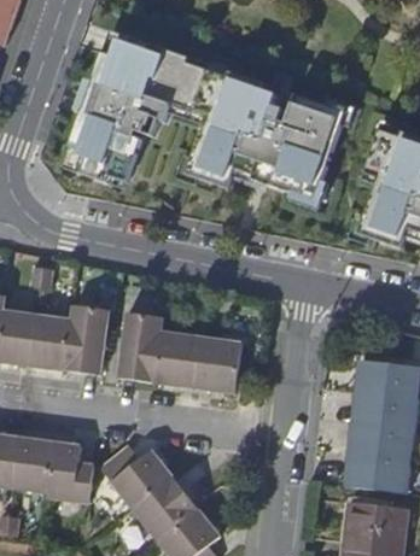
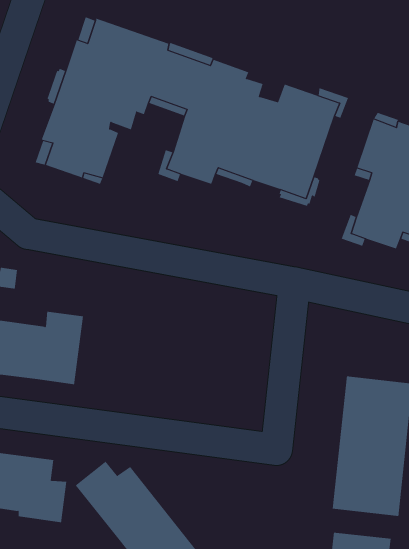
building: [119,312,245,392] -> none

